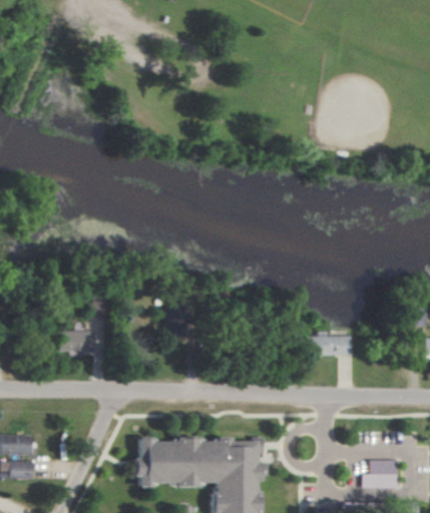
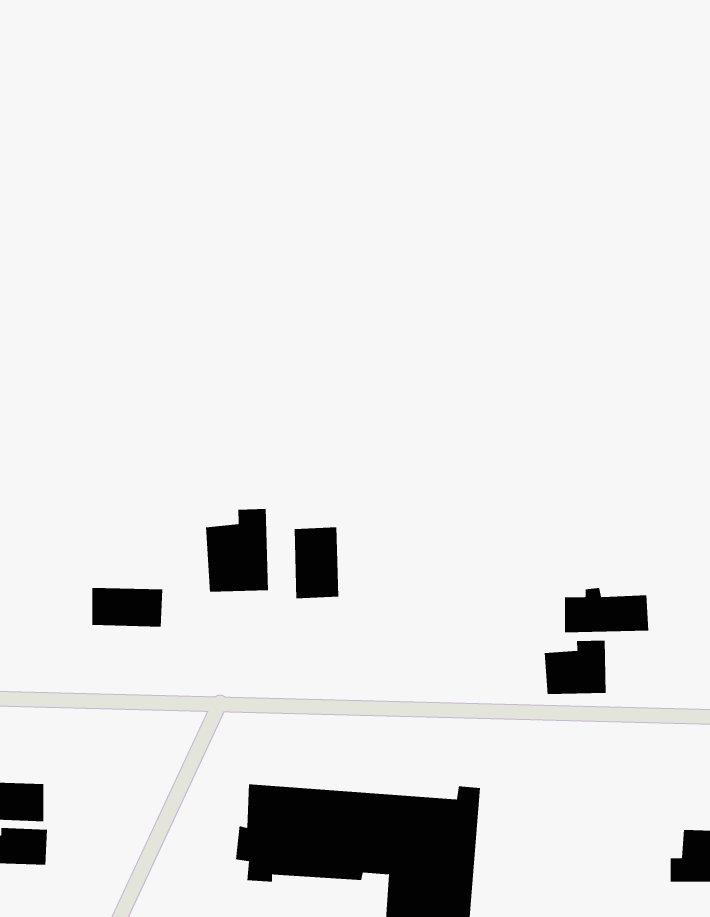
building: none -> [205,508,268,592]
building: none -> [544,640,606,695]

